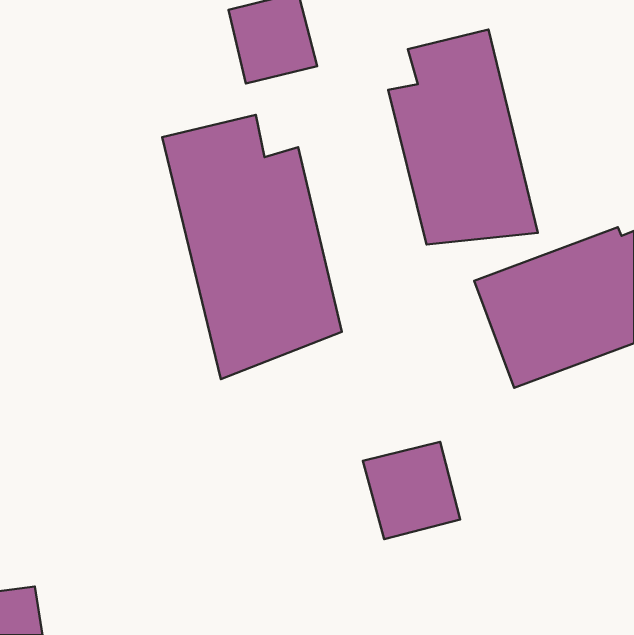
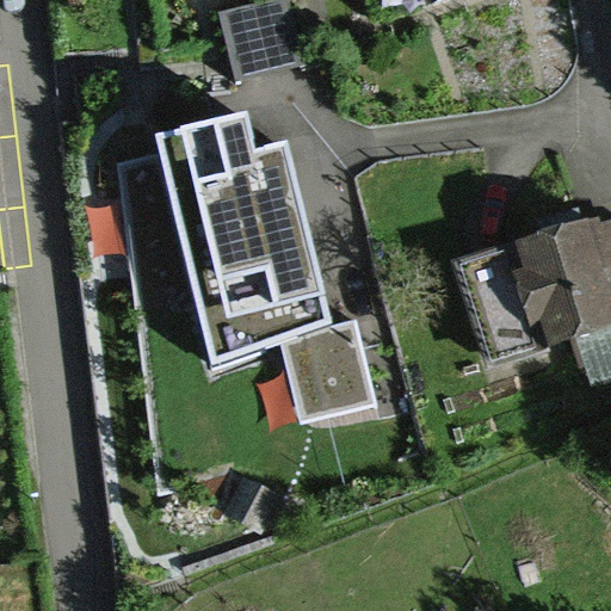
building: [388,29,538,244] -> none
building: [363,442,460,539] -> [280,323,374,416]

